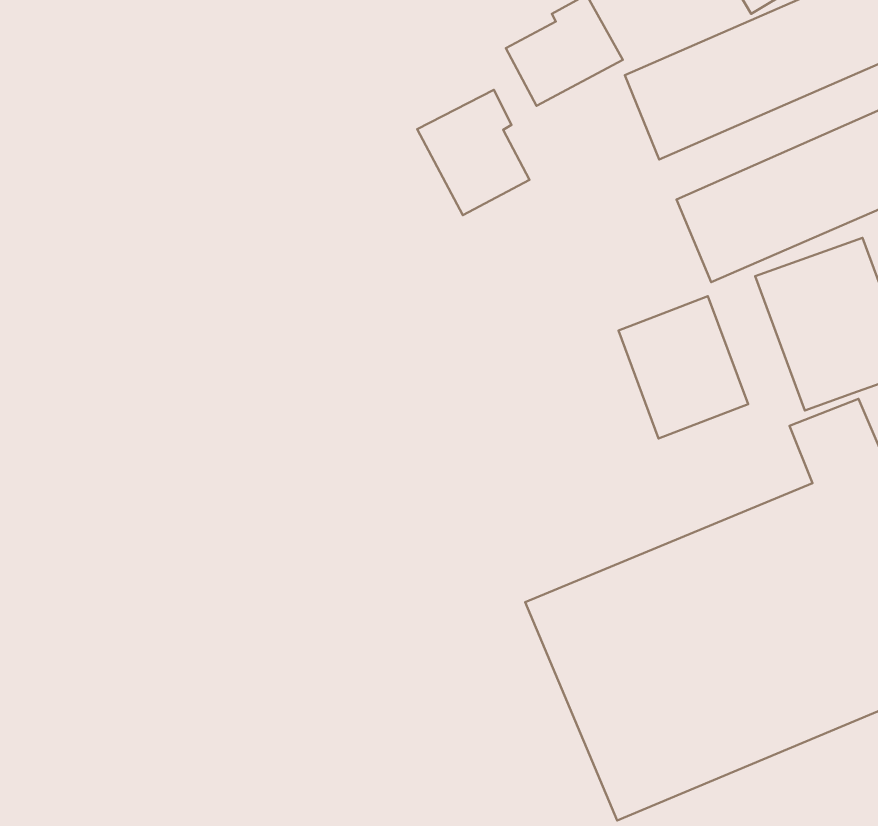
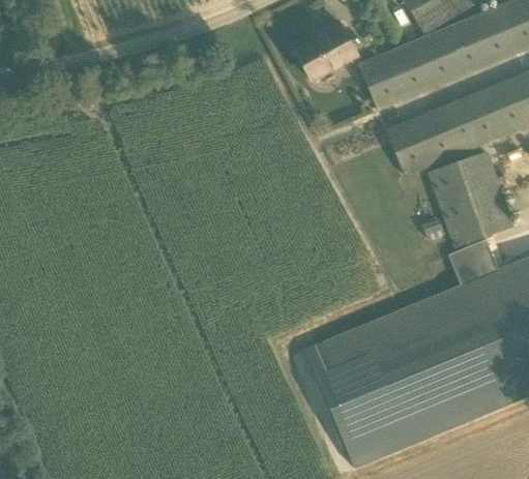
building: [417,90,529,215] -> none
building: [618,296,748,439] -> none

